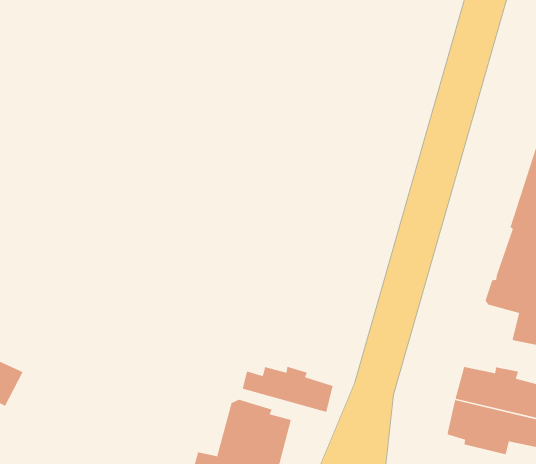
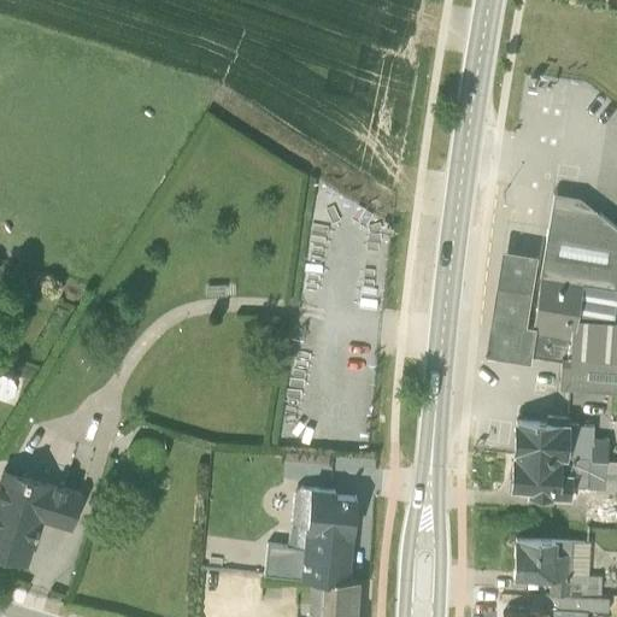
building: none -> [486,248,540,364]
building: [242,366,333,413] -> none

